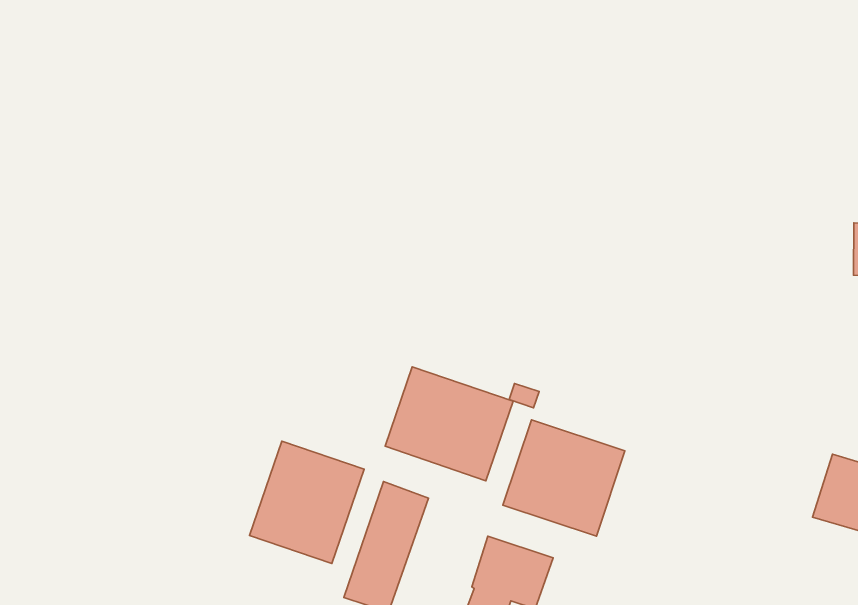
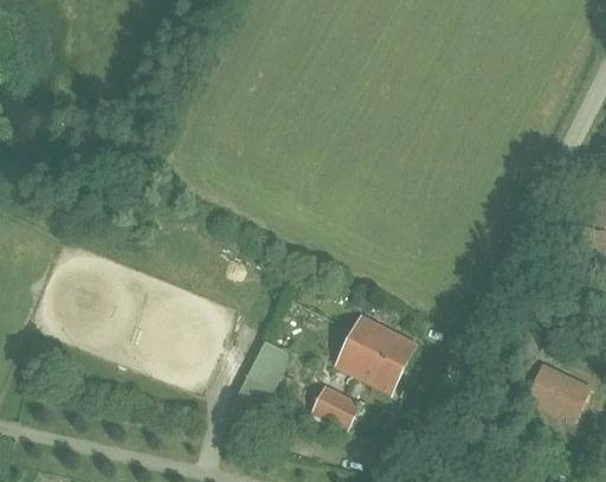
building: [385,367,513,481] -> none
building: [250,441,364,563] -> none

